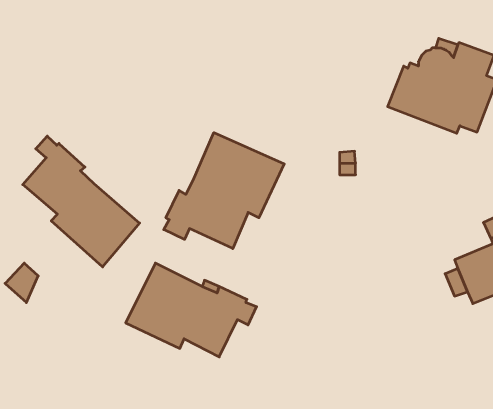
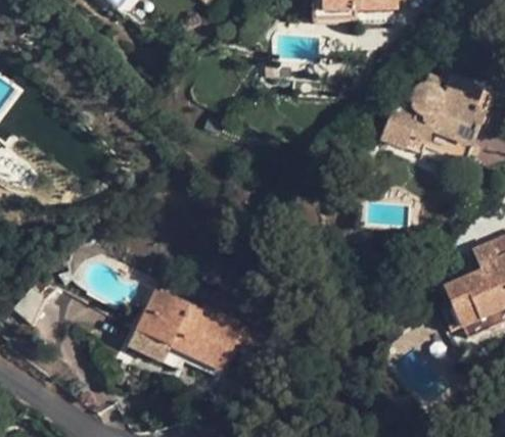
building: [164,133,284,249] -> none
building: [23,136,140,267] -> none

